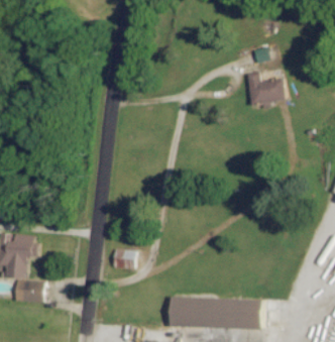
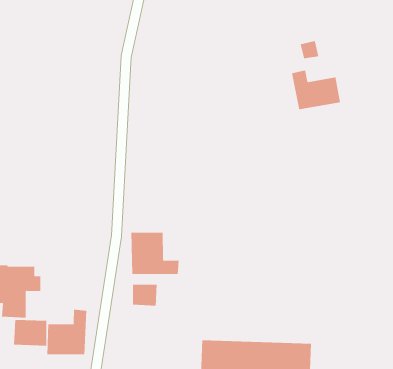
building: none -> [131,232,179,275]
building: none -> [47,309,87,355]

